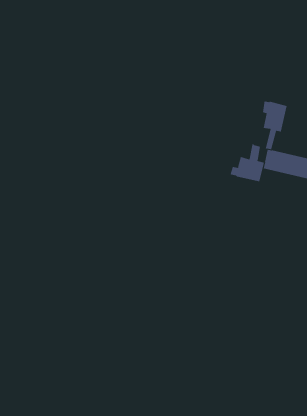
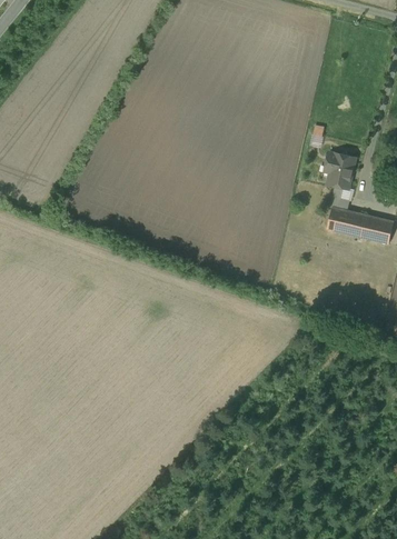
building: [230,144,264,182] -> none

